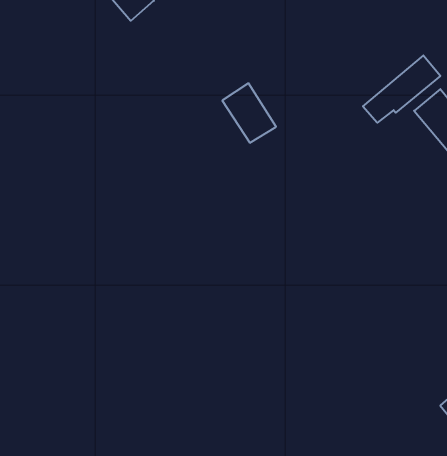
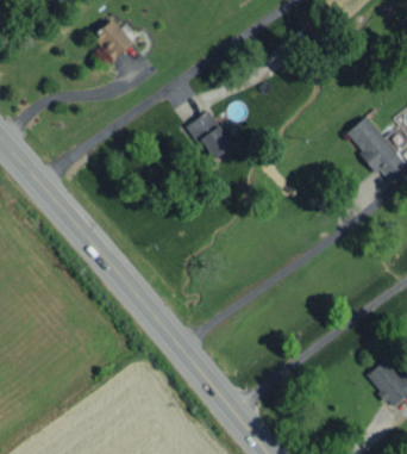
building: [363,55,440,123] -> none

